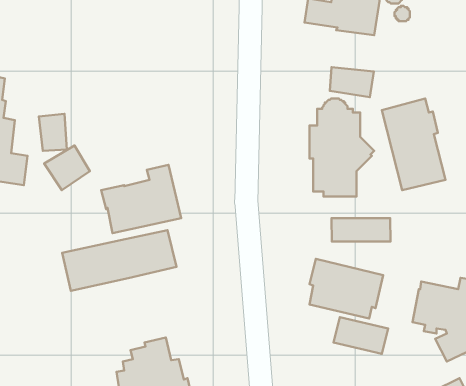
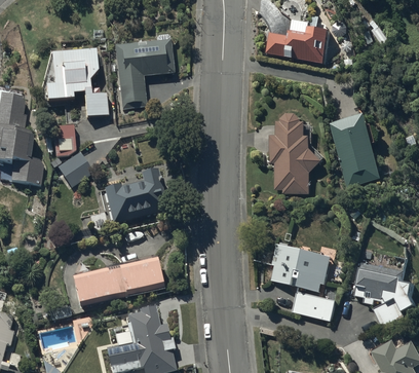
building: none -> [114,39,173,109]
building: none -> [44,47,108,116]
building: [330,67,374,97] -> none
building: [331,218,390,242] -> none
building: [62,230,176,291] -> [72,258,164,307]

